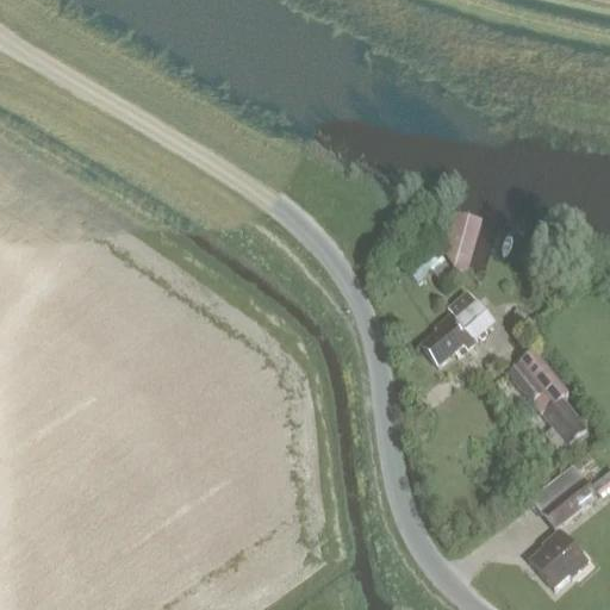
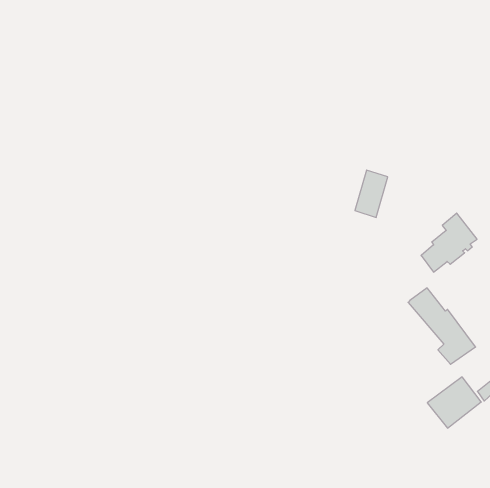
building: [423,292,492,365] -> [421,213,477,272]
building: [530,529,589,586] -> none

